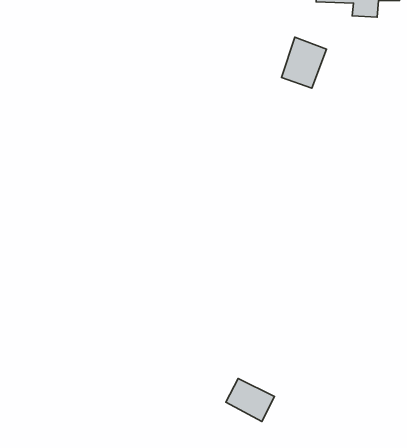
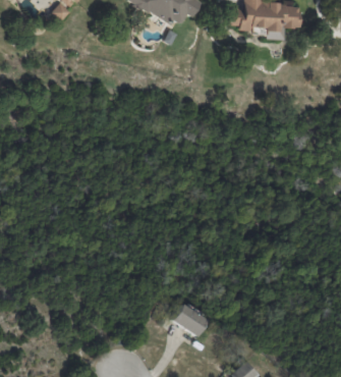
building: [281,37,327,88] -> none

